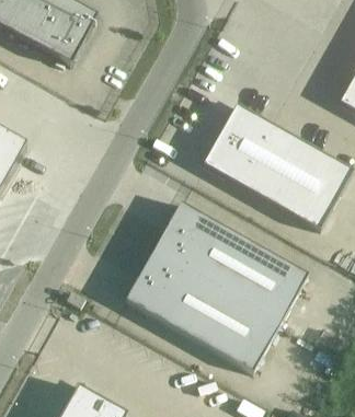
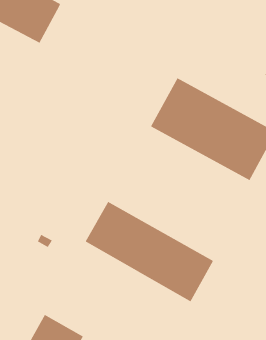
building: [152,201,306,321] -> none

